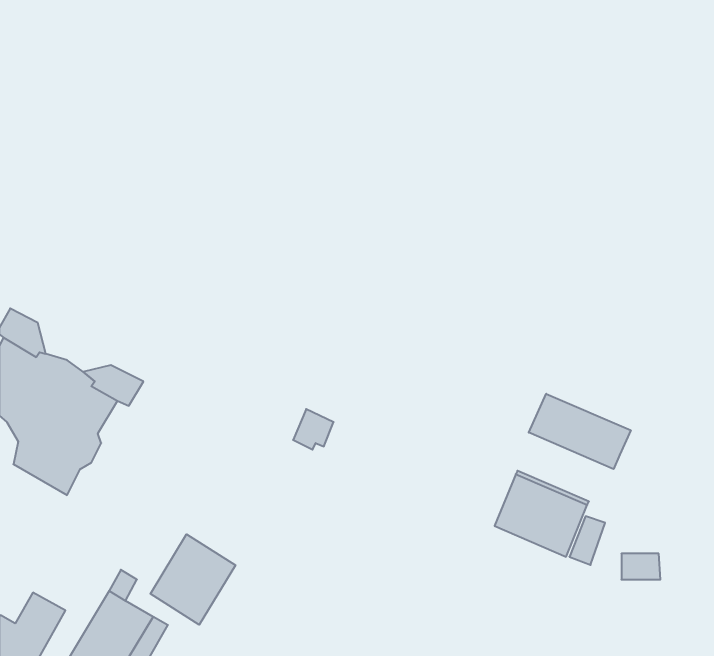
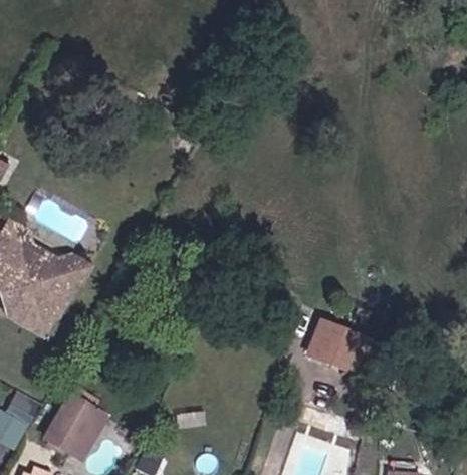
building: [529,394,631,469] -> none
building: [150,534,235,625] -> none

